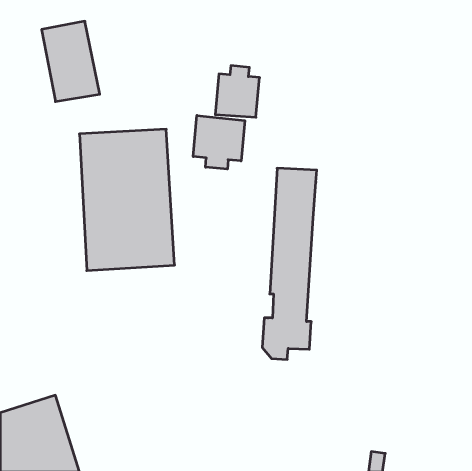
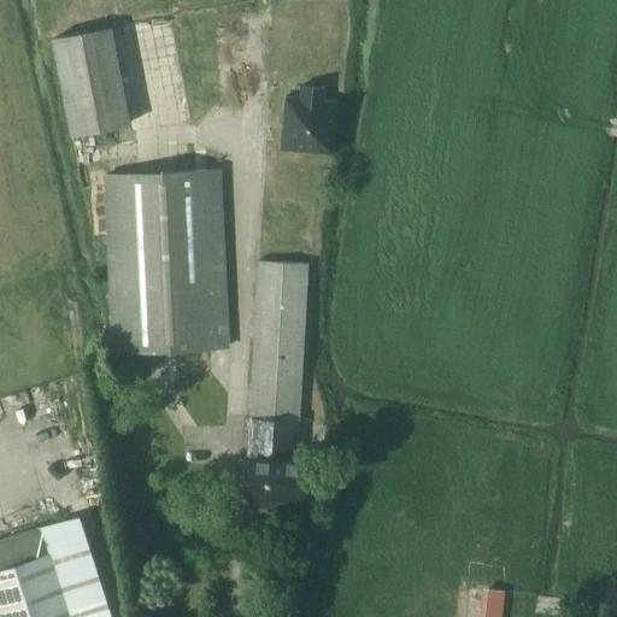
building: [193,115,245,169] -> none
building: [262,168,317,359] -> [240,262,311,511]

